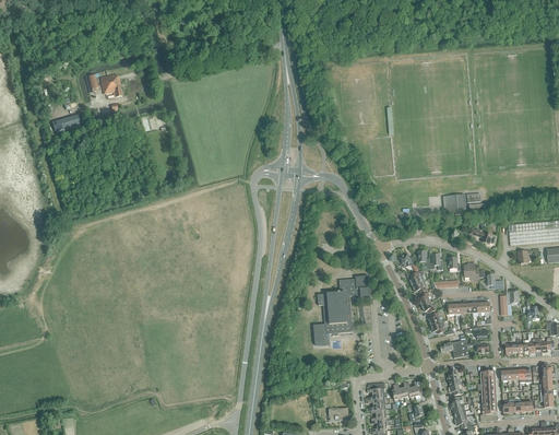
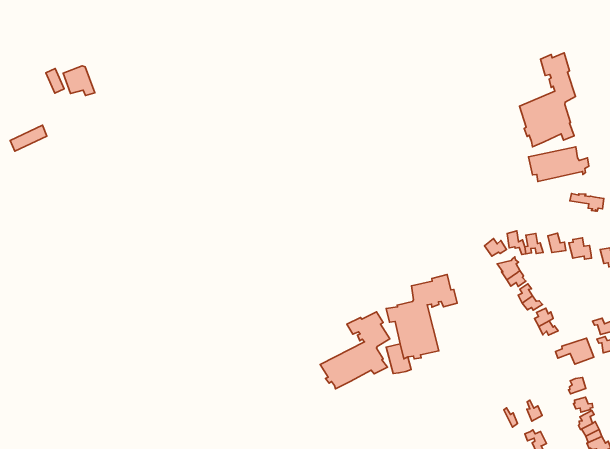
building: none -> [520,53,575,147]
building: none -> [320,312,390,389]

